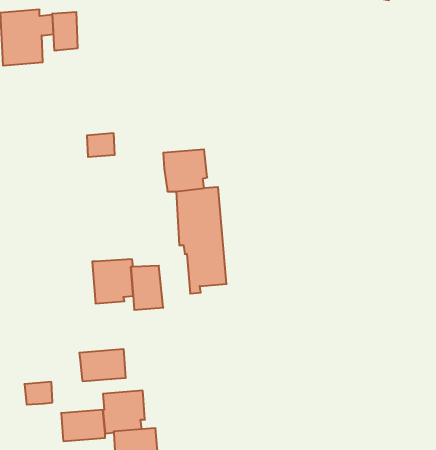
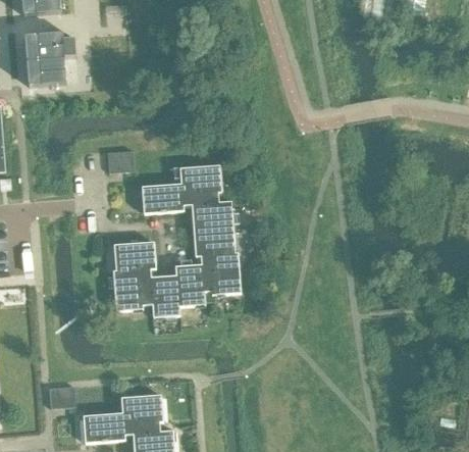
building: [52,12,77,51] -> none
building: none -> [141,184,183,213]
building: none -> [112,242,154,271]
building: none -> [174,264,204,306]
building: [79,349,126,381] -> none

